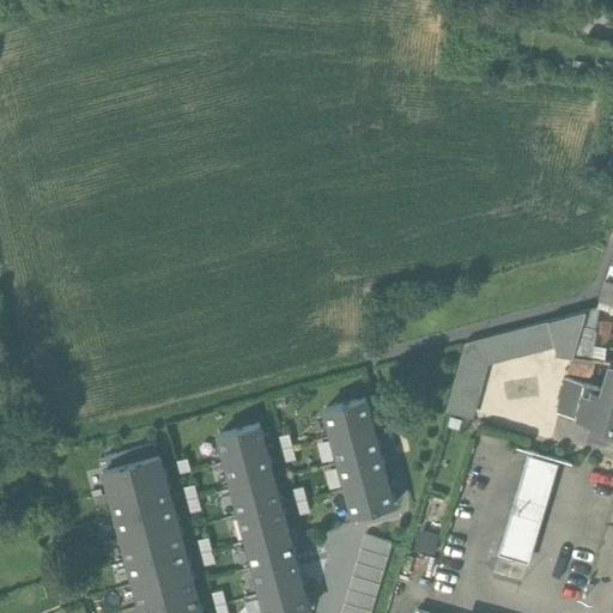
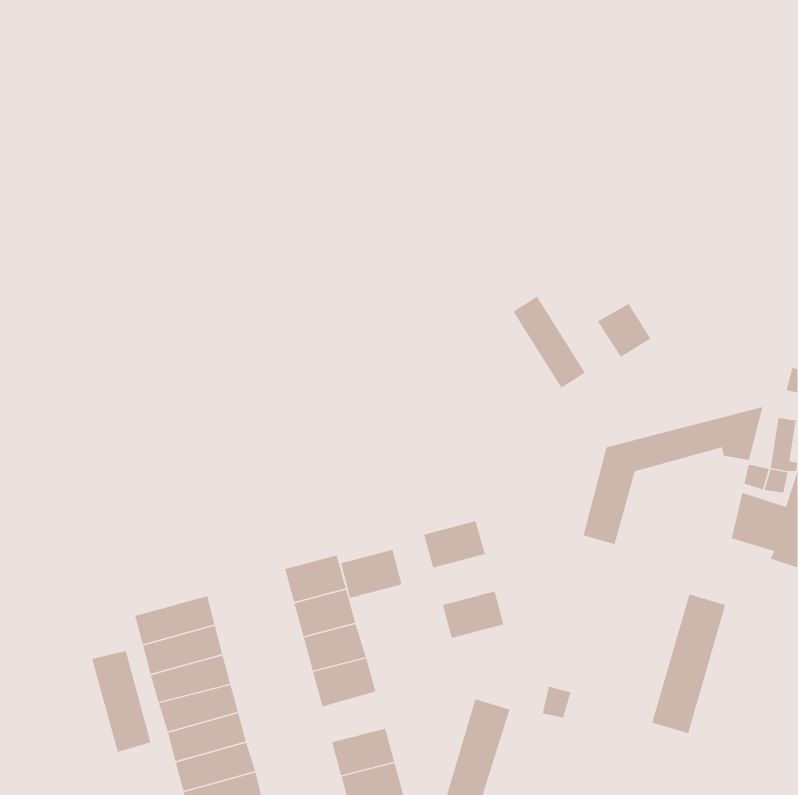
building: none -> [513,295,586,389]
building: none -> [597,303,651,358]
building: [332,427,380,466] -> [340,549,403,599]
building: [346,481,394,520] -> none
building: none -> [91,650,152,753]
building: [247,533,296,571] -> none

